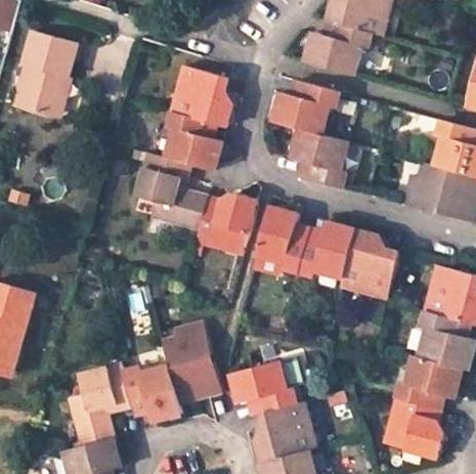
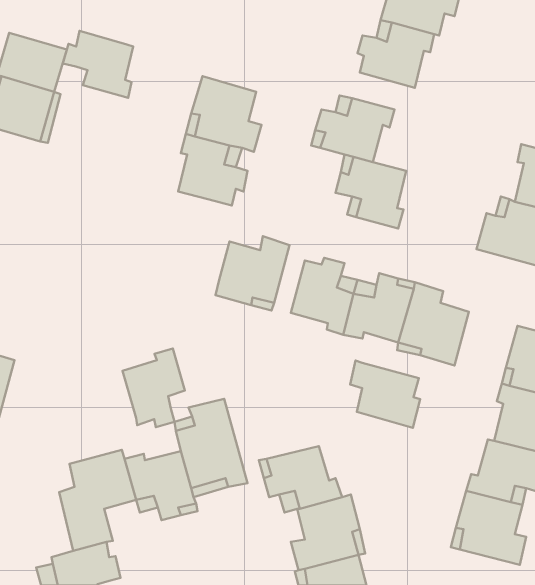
building: none -> [63,31,133,98]
building: [137,154,206,228] -> none
building: none -> [123,348,185,427]
building: none -> [350,361,420,428]

